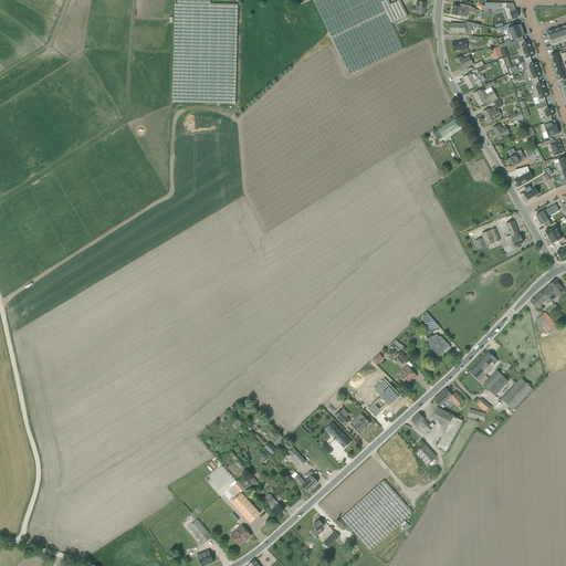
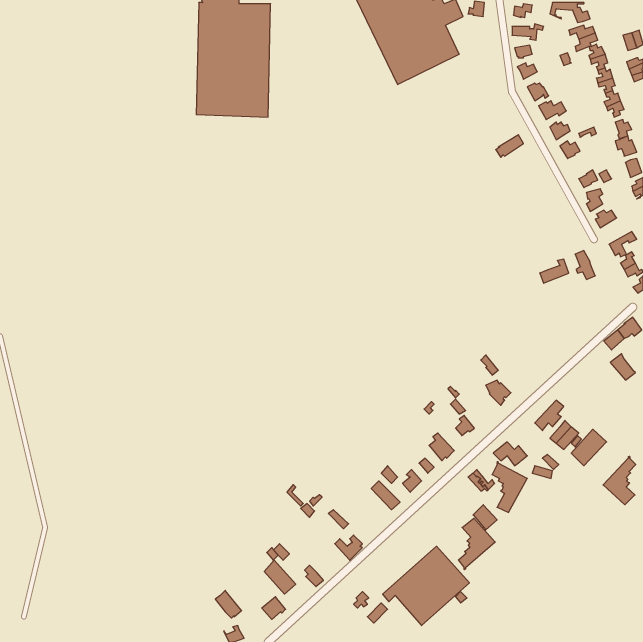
building: none -> [603,456,636,505]
building: none -> [458,518,495,570]

